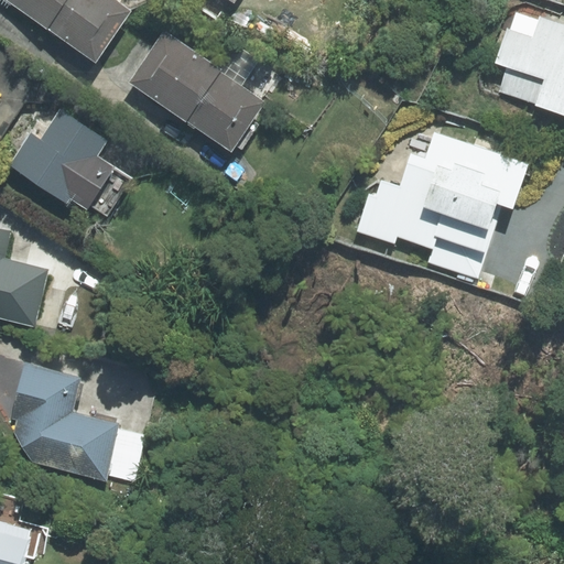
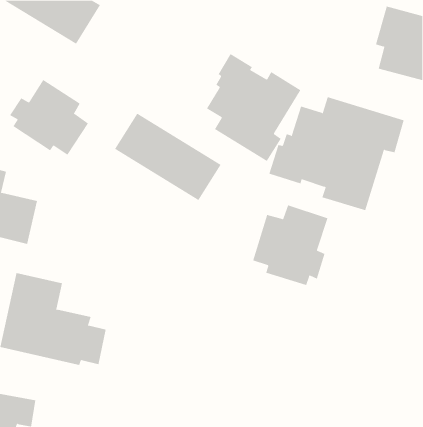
building: [126,33,267,149] -> [114,113,222,201]
building: none -> [206,53,301,162]
building: none -> [252,205,328,286]

